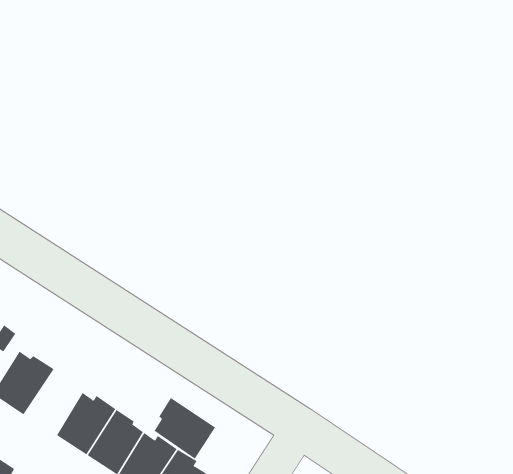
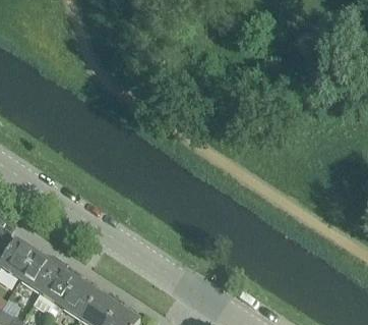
building: none -> [19,250,58,293]
building: [154,397,216,459] -> none

